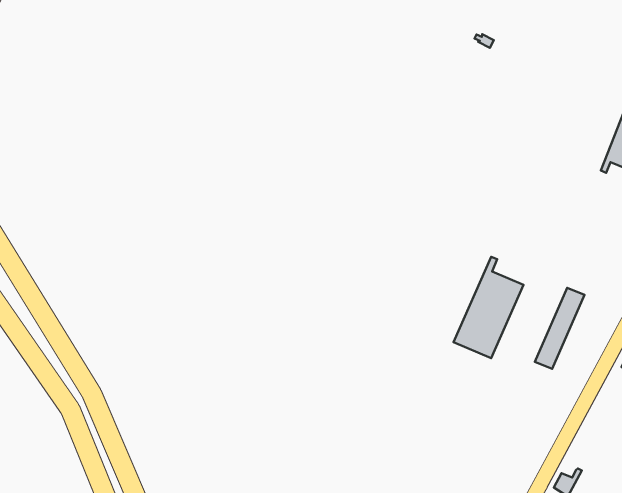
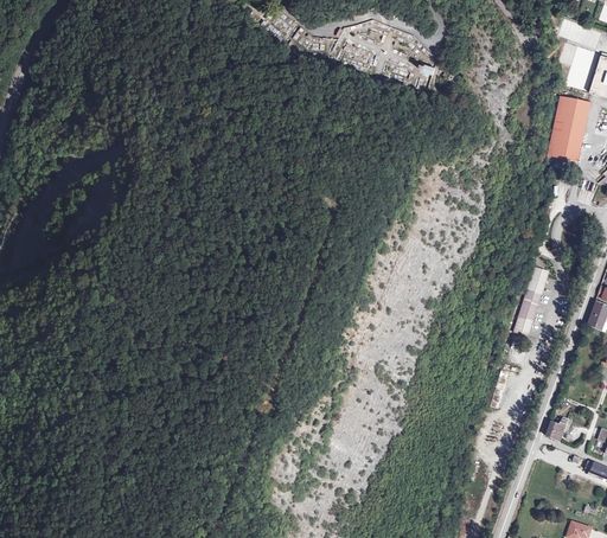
building: [454,257,524,358] -> none

